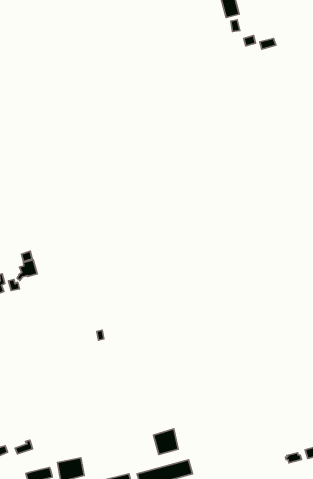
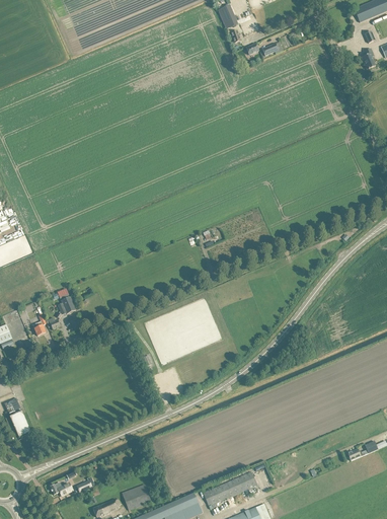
building: [153,429,178,455] -> none

